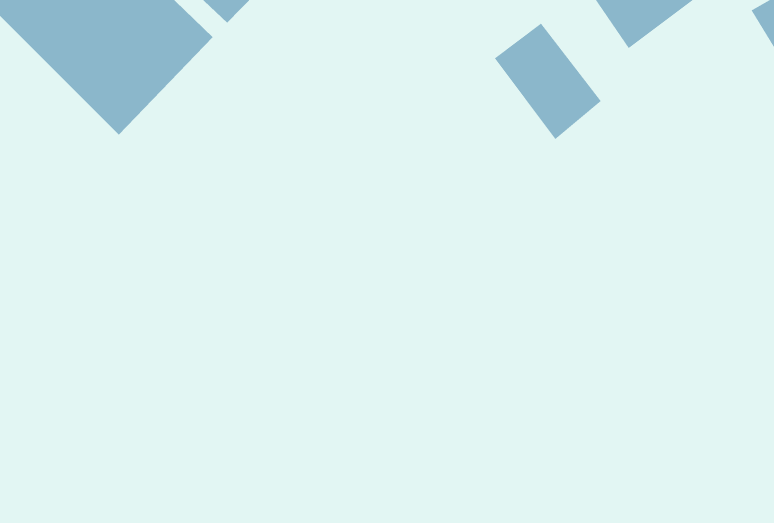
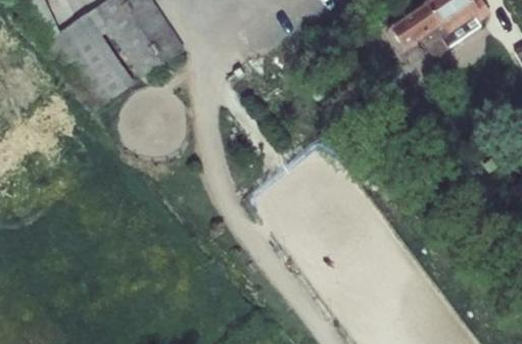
building: [494,23,602,140] -> none

